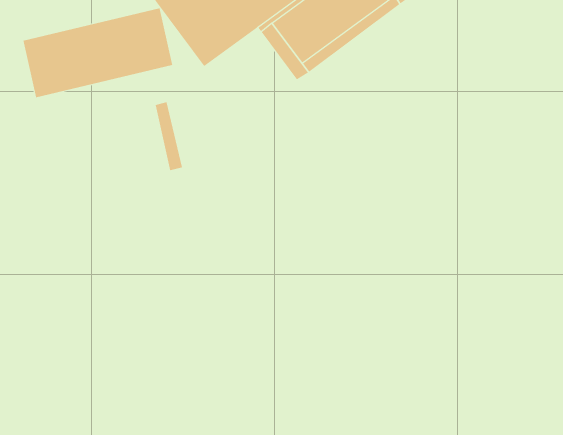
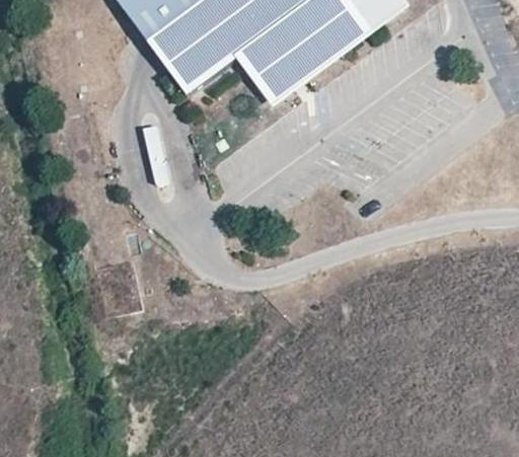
building: [23,7,173,98] -> none

